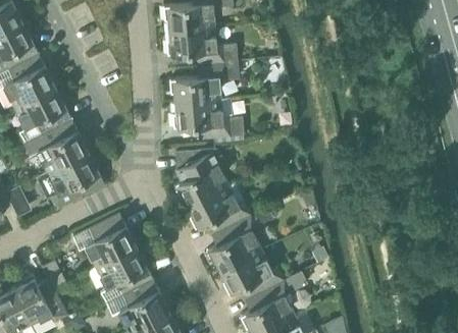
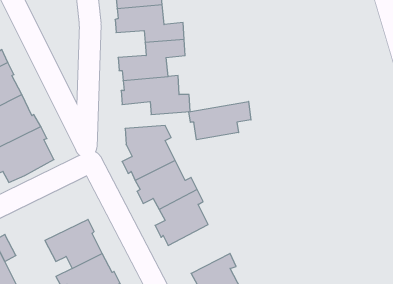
building: none -> [189,101,251,140]
building: [84,213,138,266] -> none
building: [219,249,283,299] -> none

